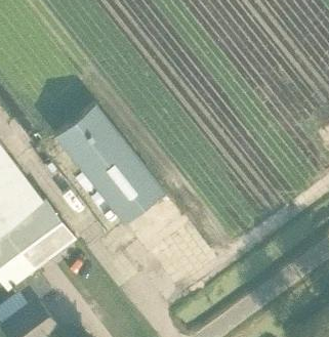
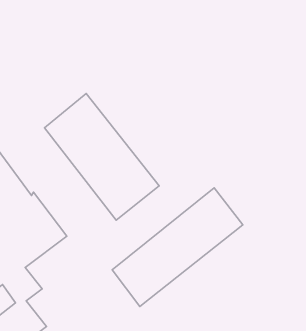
building: none -> [112,188,243,307]

